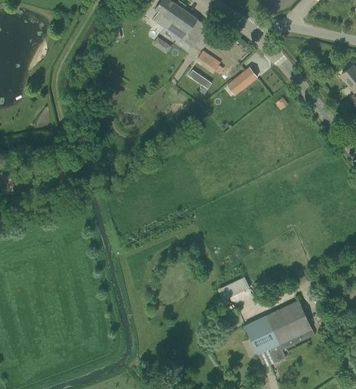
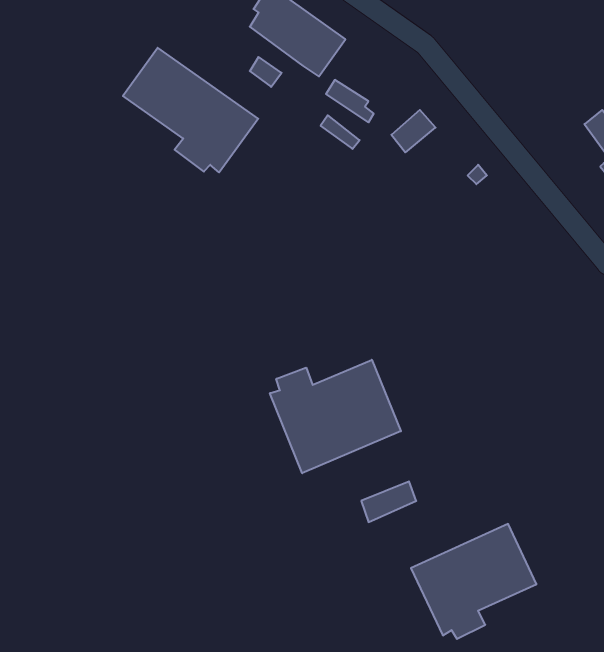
building: none -> [123,48,258,172]
building: none -> [270,360,401,473]

